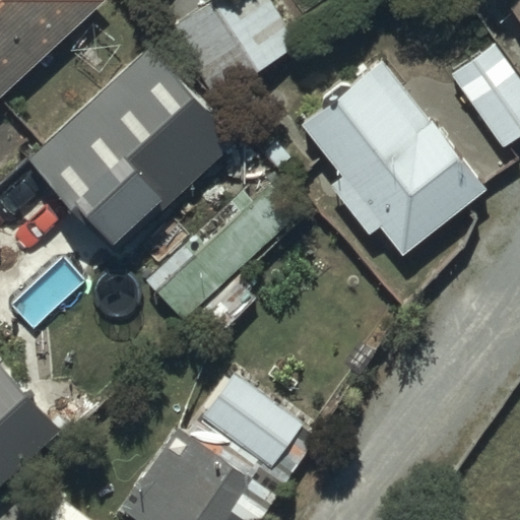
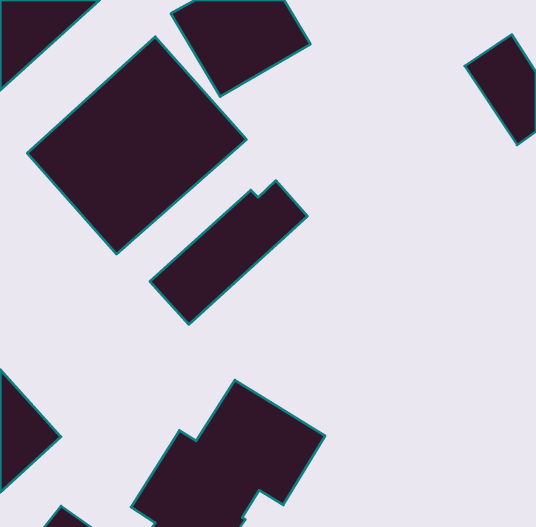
building: [298,58,486,253] -> none

